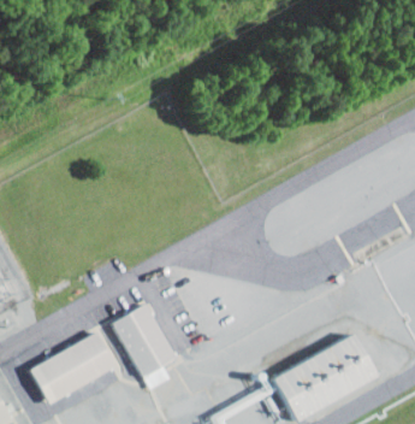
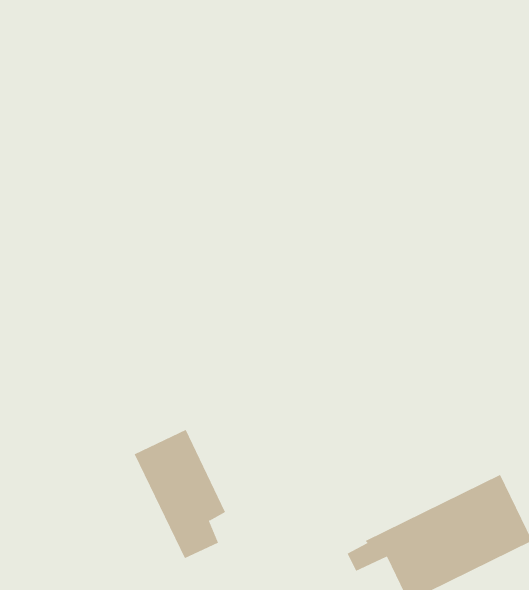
building: [25,336,112,404] -> none

